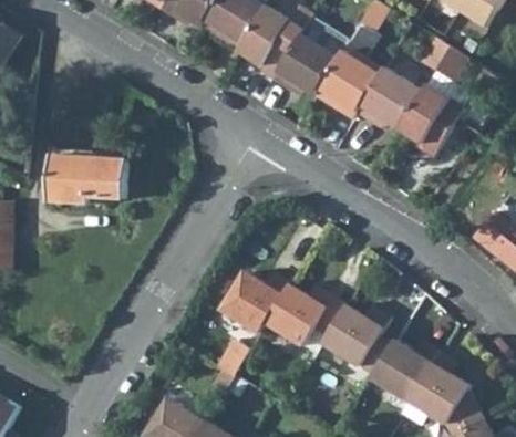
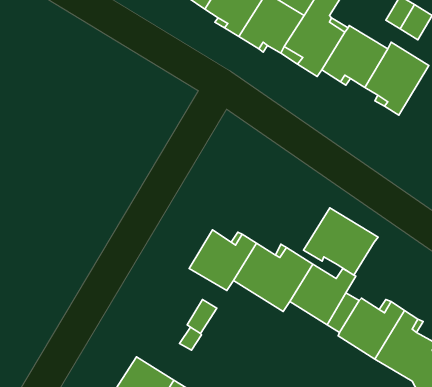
building: [45,155,125,204] -> none
building: none -> [304,208,378,275]

